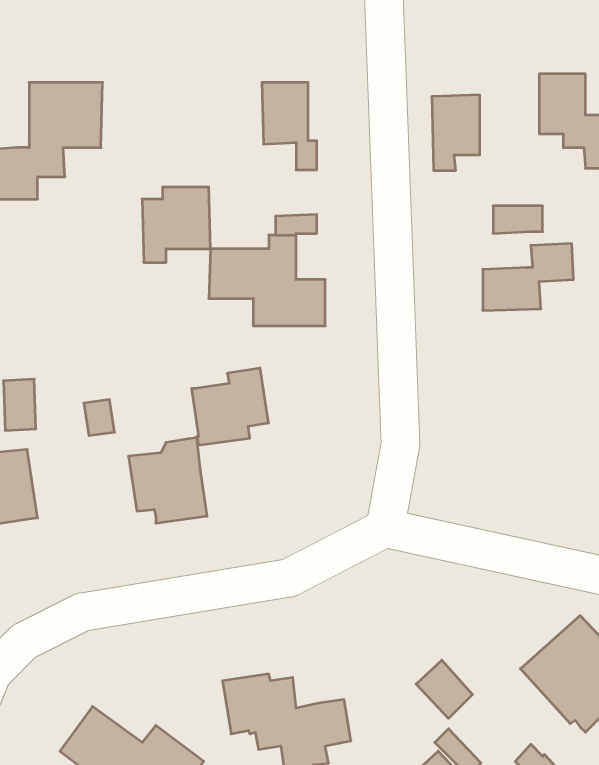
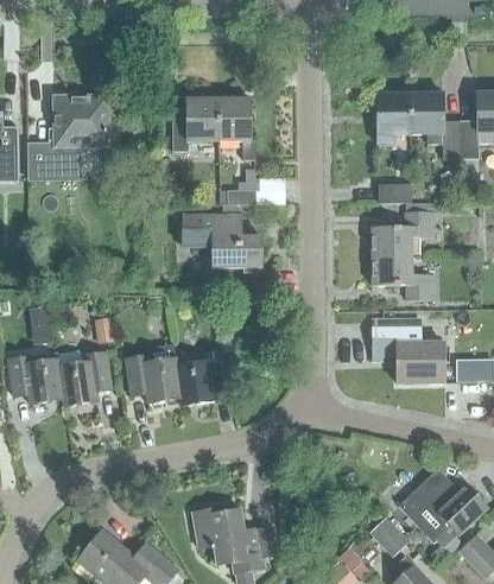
building: [432,95,480,170] -> [378,93,411,145]
building: [142,187,211,262] -> [172,99,220,151]
building: none -> [372,255,435,299]
building: [192,368,269,445] -> [176,351,229,405]
building: none -> [373,319,444,381]
building: none -> [56,349,112,406]
building: [416,660,473,718] -> [370,516,410,557]

